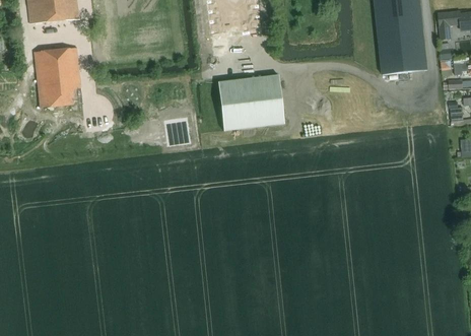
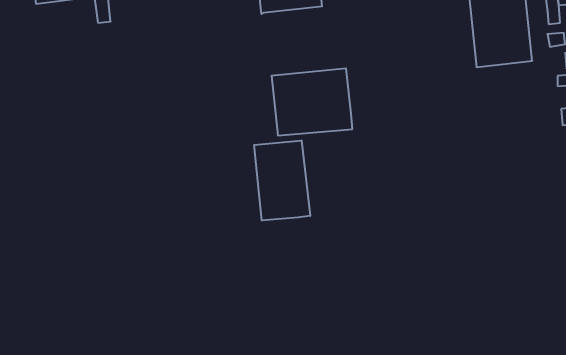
building: [33,48,81,109] -> none
building: none -> [254,140,310,221]

